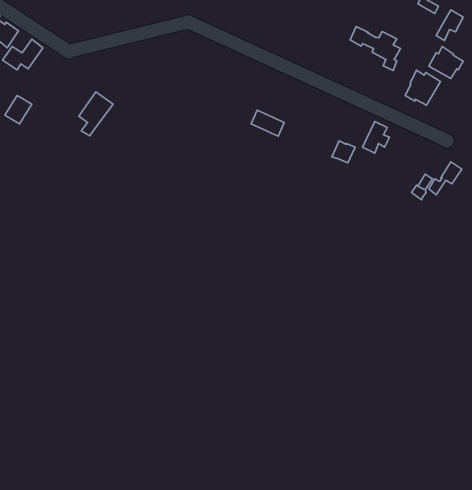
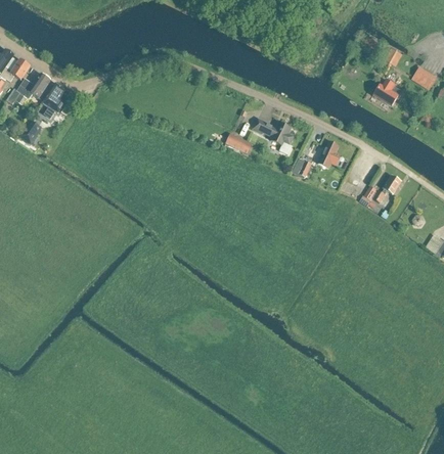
building: [350,26,400,71] -> [253,119,295,155]
building: [405,70,441,105] -> none
building: [79,92,113,136] -> [42,83,71,120]

